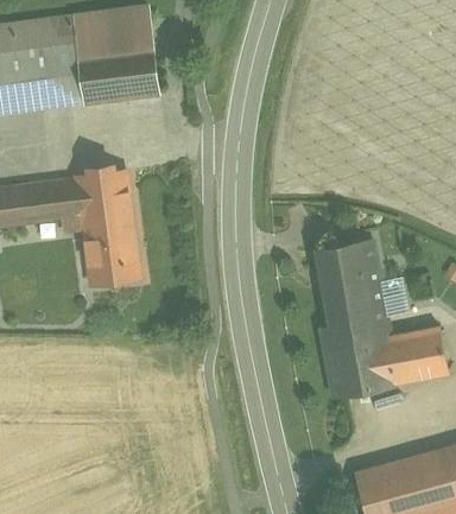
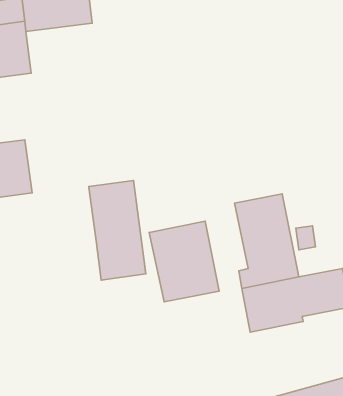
building: [77,45,159,102] -> none
building: [76,170,141,284] -> [89,180,146,280]
building: none -> [149,221,219,302]

